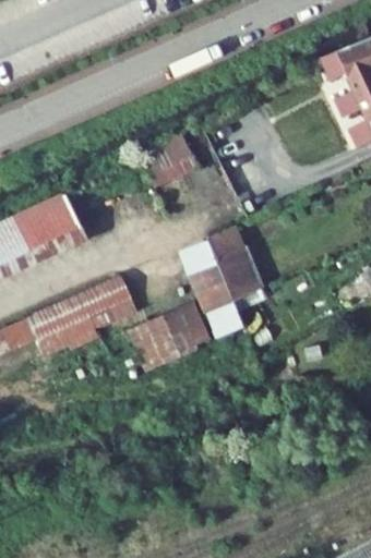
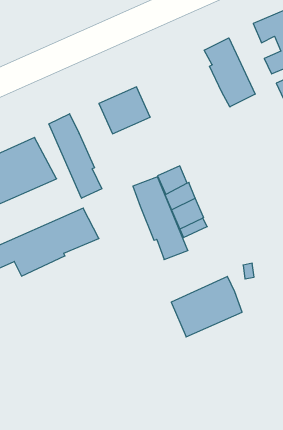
building: none -> [204,38,255,107]
building: none -> [49,114,102,198]
building: [128,300,212,372] -> [171,276,242,337]

